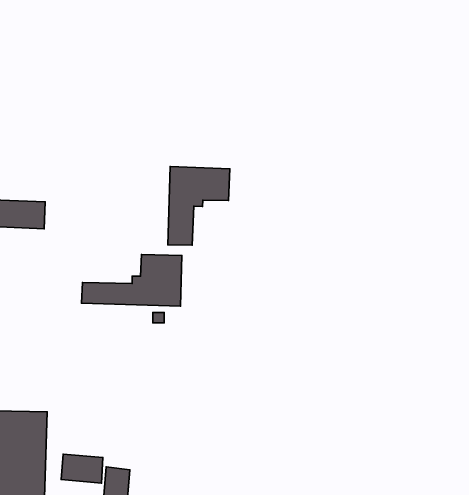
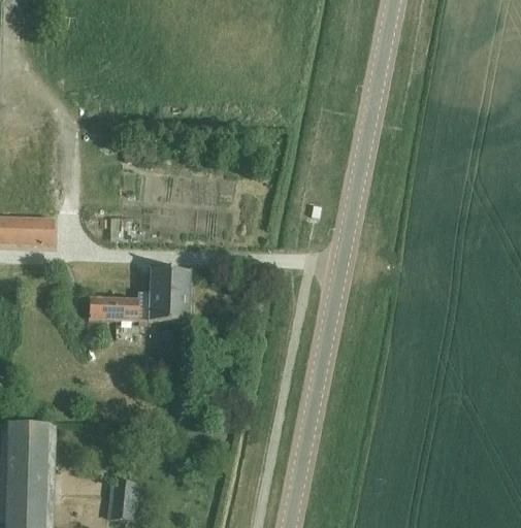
building: [168,167,230,245] -> none
building: [61,454,103,483] -> none

